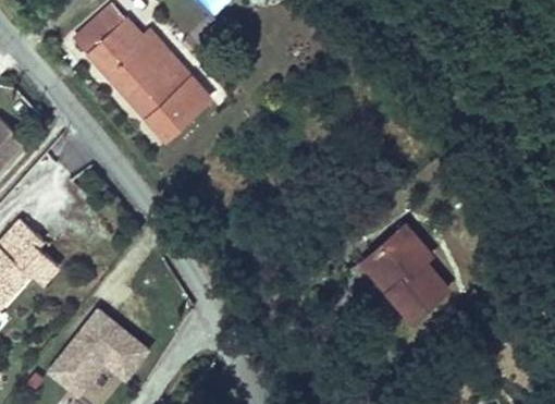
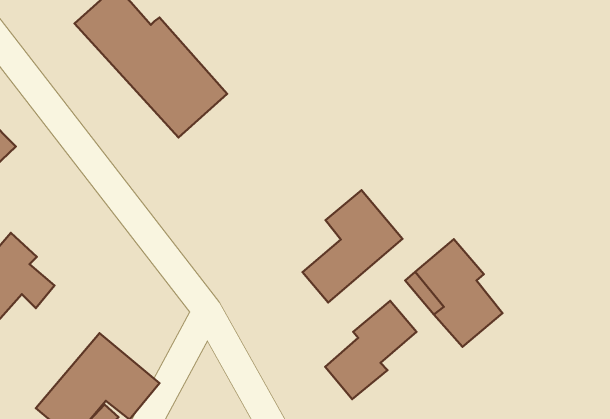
building: none -> [302,190,403,303]
building: none -> [325,301,417,399]

